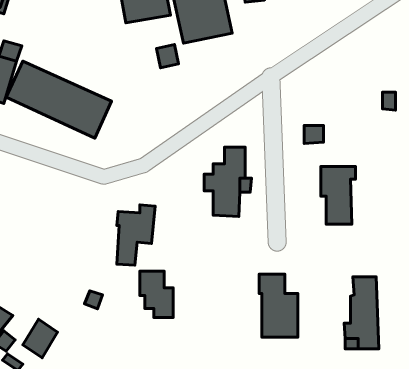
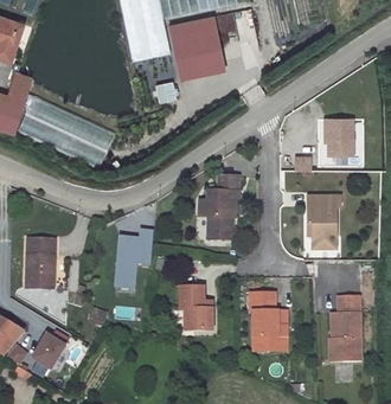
building: none -> [325,117,353,155]
building: none -> [27,238,55,288]
building: [140,271,173,317] -> [181,287,212,329]

